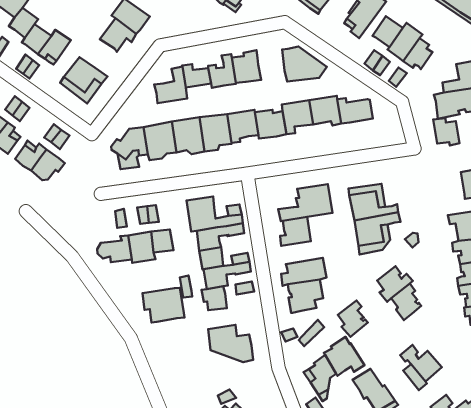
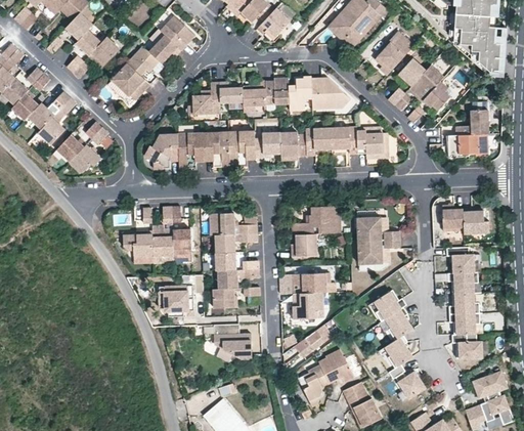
building: none -> [126,46,159,76]
building: none -> [289,75,312,110]
building: [433,118,459,146] -> [442,206,464,231]
building: [338,300,368,337] -> [385,334,411,367]

